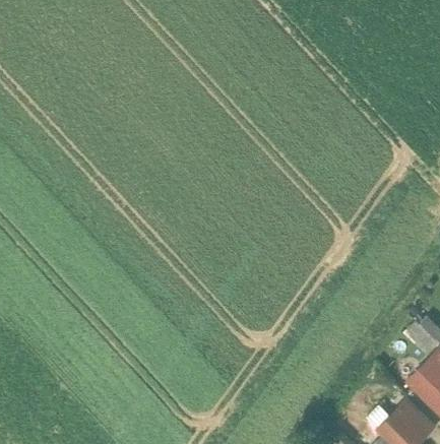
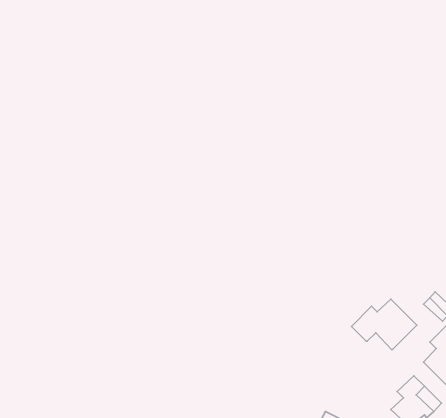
building: none -> [351,299,417,349]

